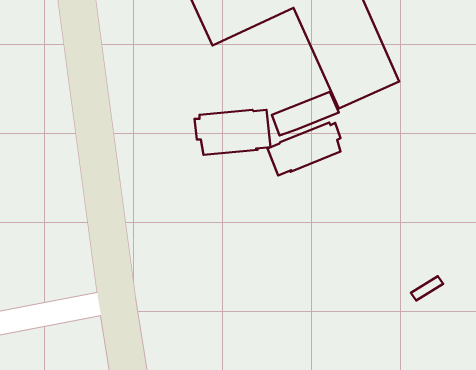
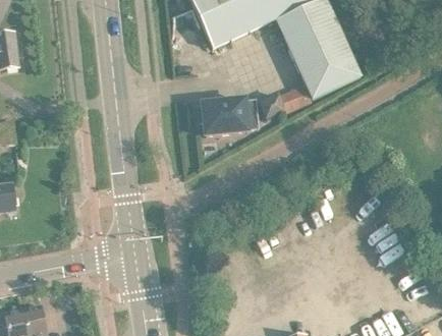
building: [268,123,341,176] -> none

